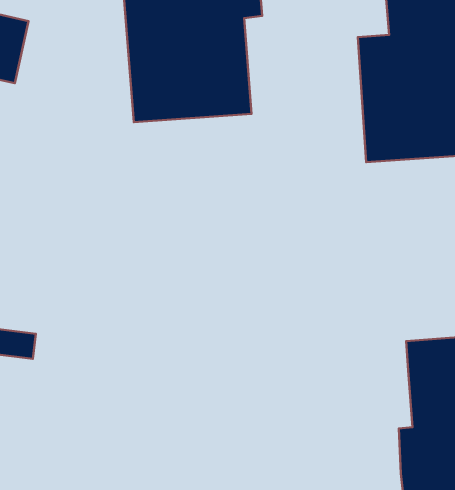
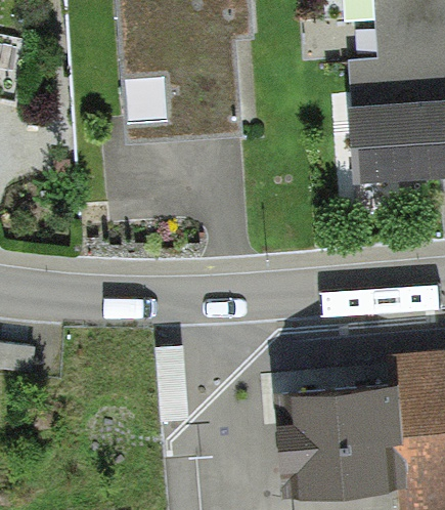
building: none -> [280,385,402,493]

